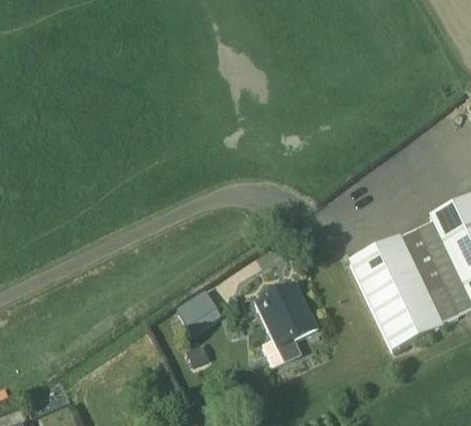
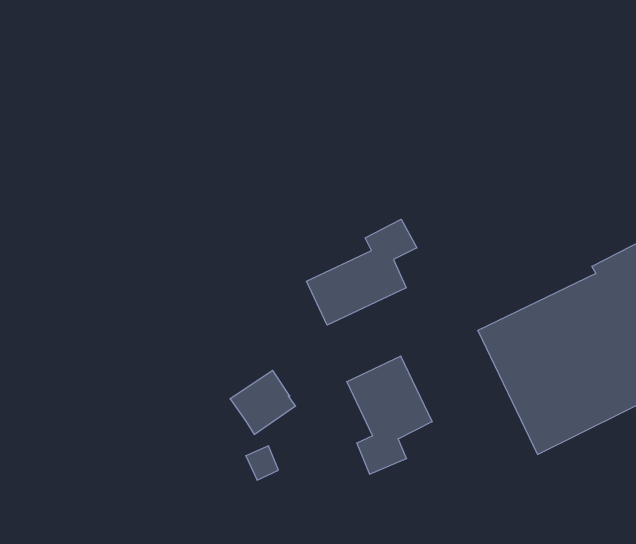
building: none -> [306,219,417,325]

